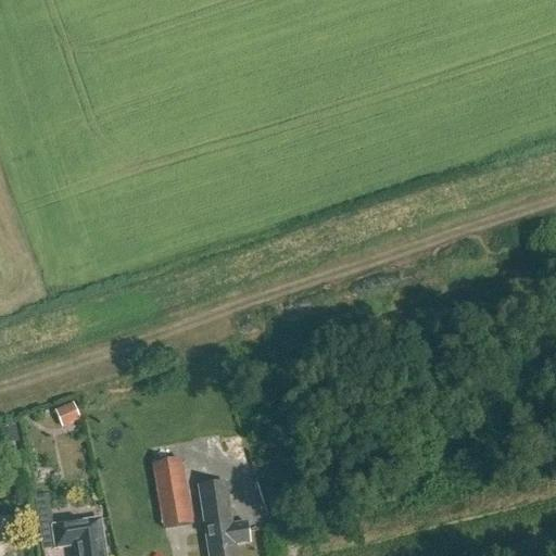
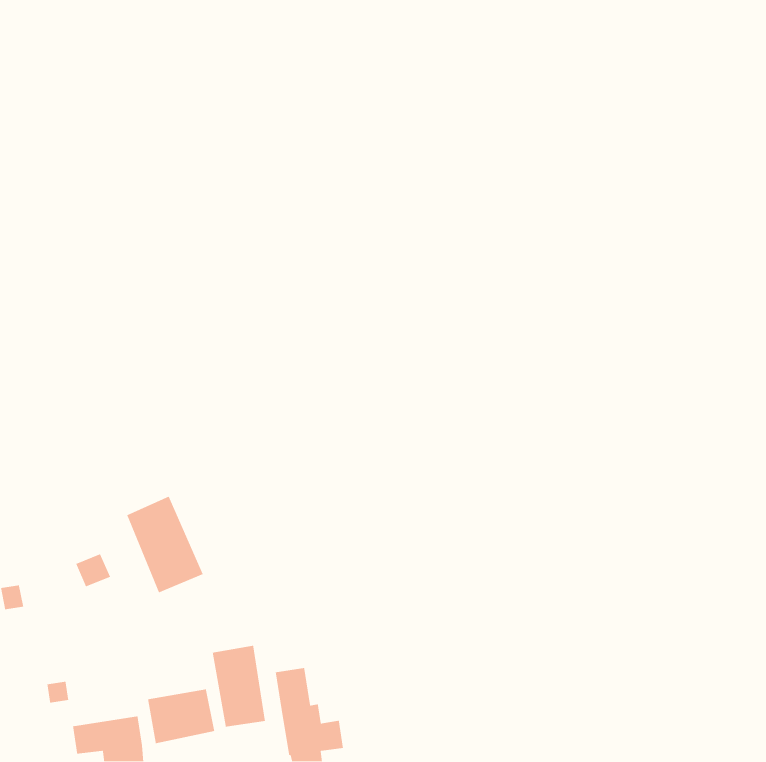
building: none -> [126,495,204,593]
building: none -> [147,688,215,744]

